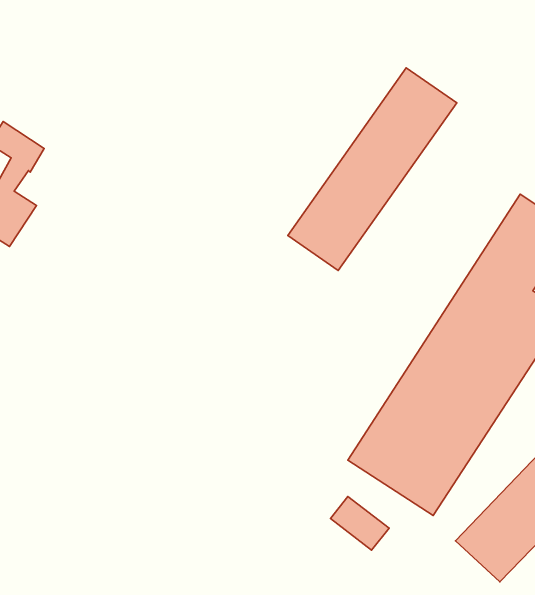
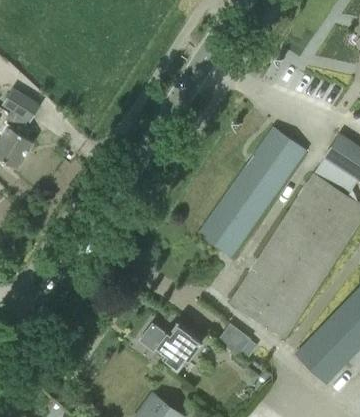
building: [288,68,457,270] -> [198,128,305,256]
building: none -> [139,322,201,371]

